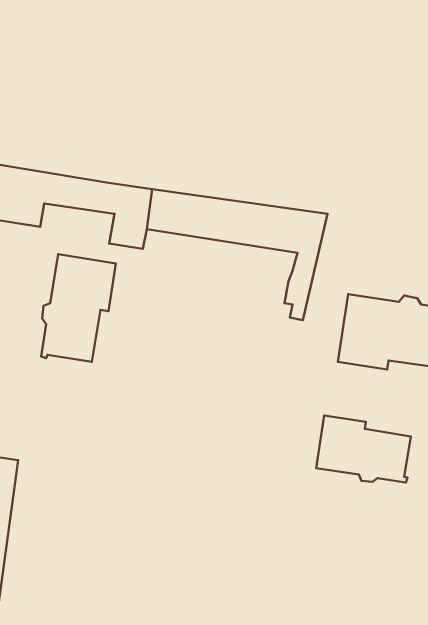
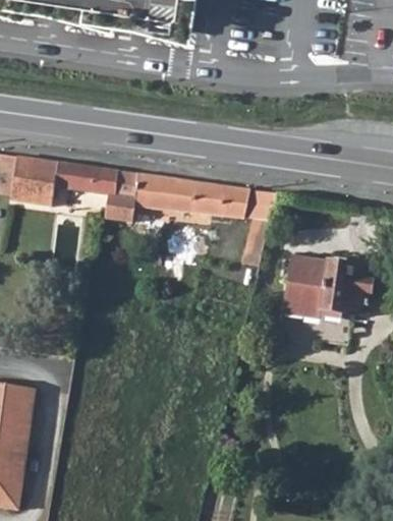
building: [41,254,116,362] -> none
building: [316,416,411,482] -> none

